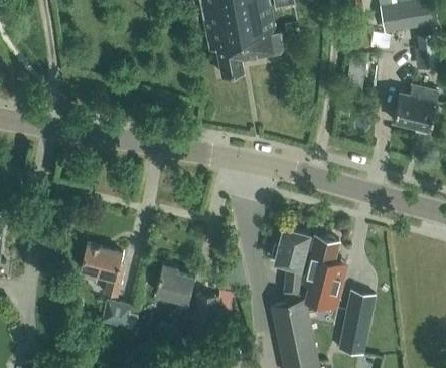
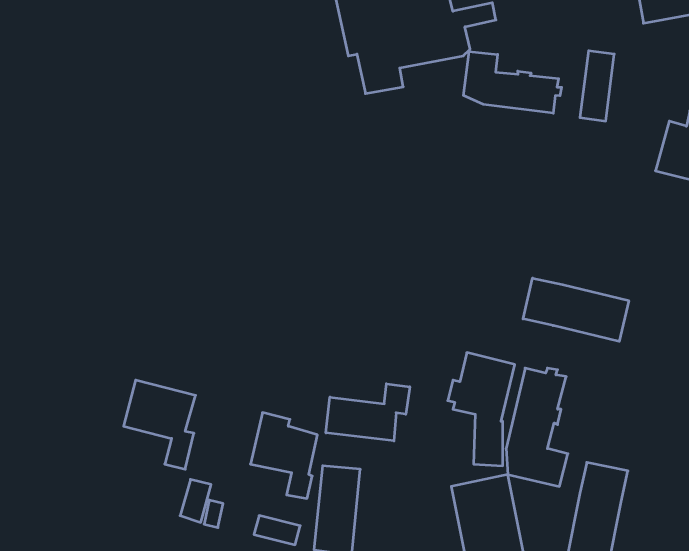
building: none -> [463,52,562,113]
building: none -> [523,278,629,341]
building: none -> [326,384,410,441]

